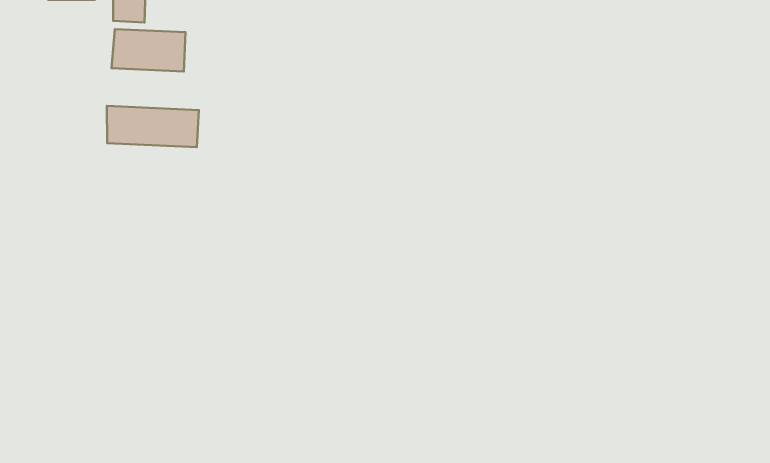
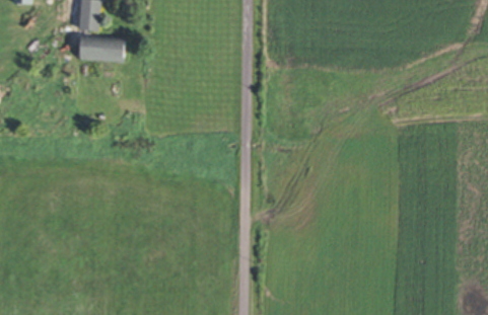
building: [107,106,199,147] -> none

